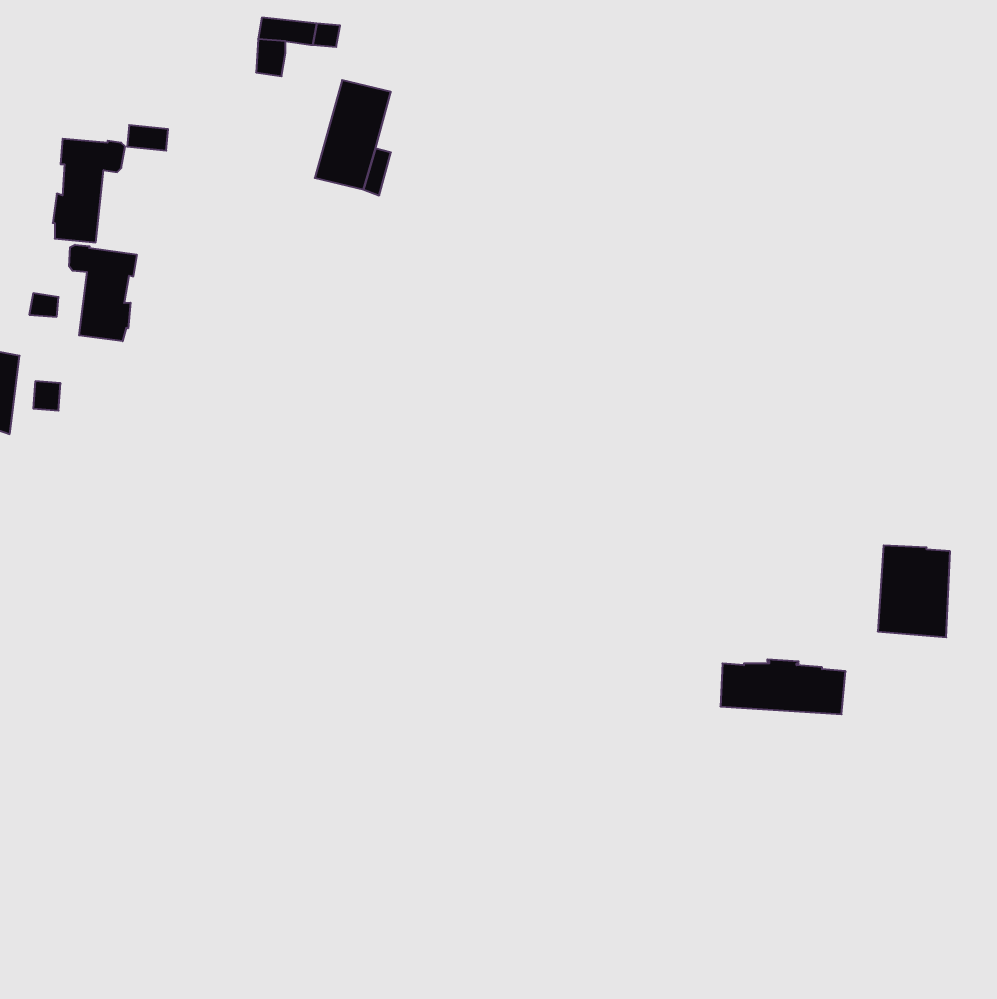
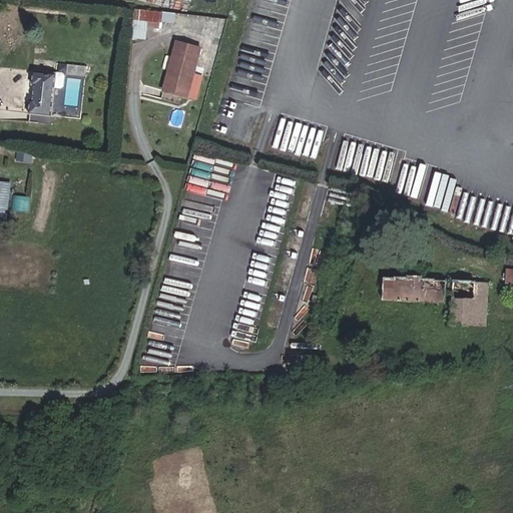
building: [69,245,137,341] -> none
building: [720,659,846,714] -> [382,275,446,303]

